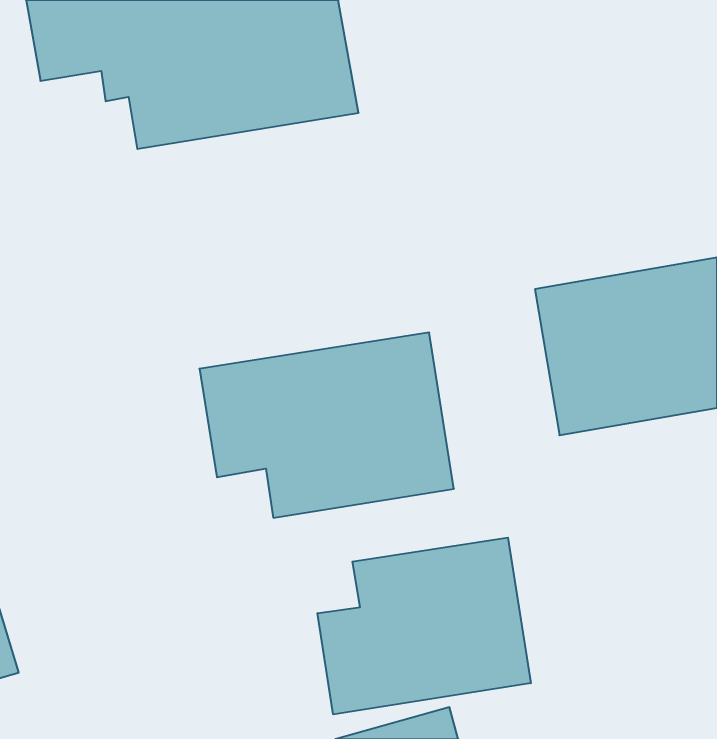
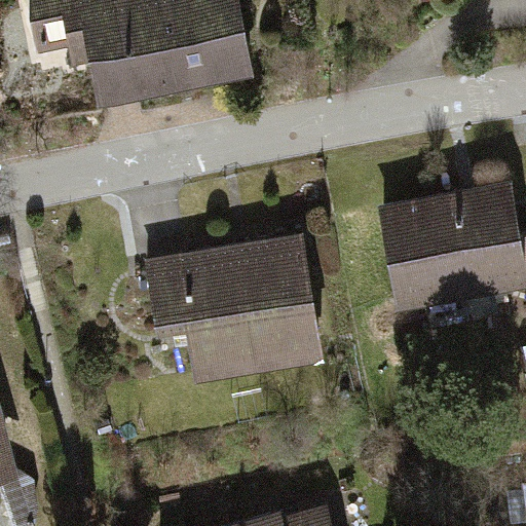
building: [318,538,531,714] -> none

